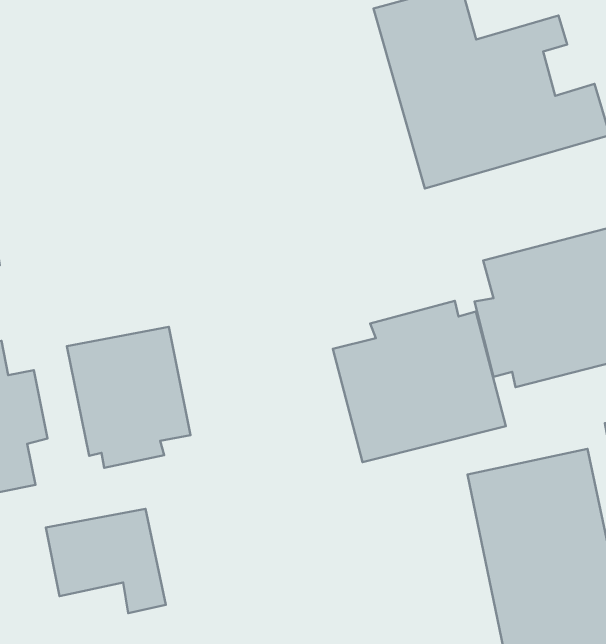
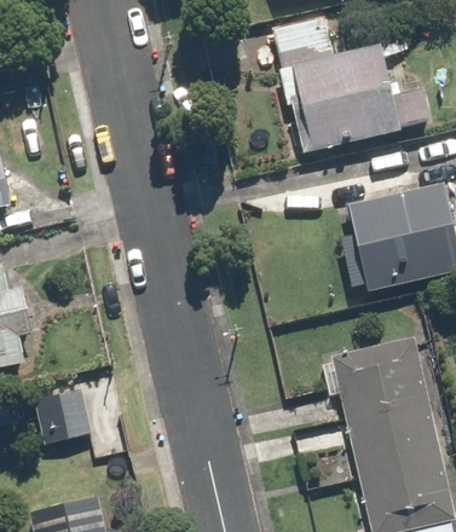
building: [333,301,506,462] -> none
building: [67,327,191,468] -> none

